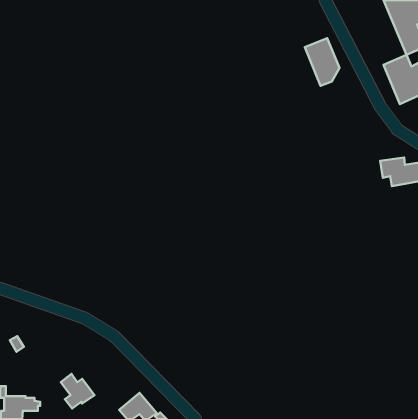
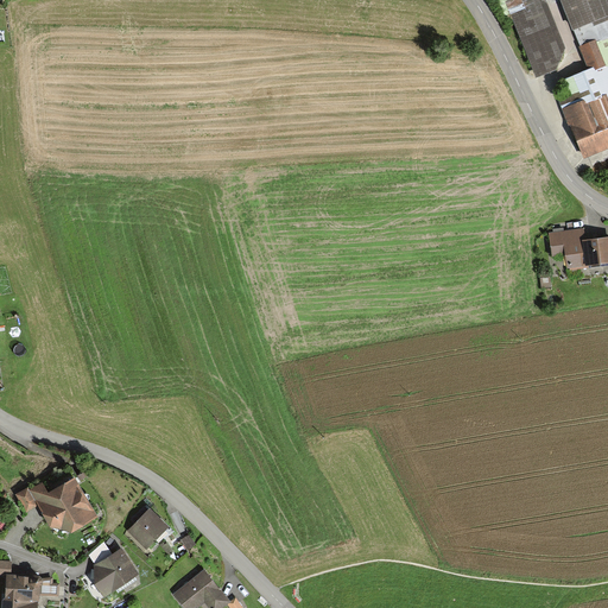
building: [305,38,339,86] -> [512,5,562,74]
building: none -> [43,479,90,525]
building: none -> [129,504,167,549]

